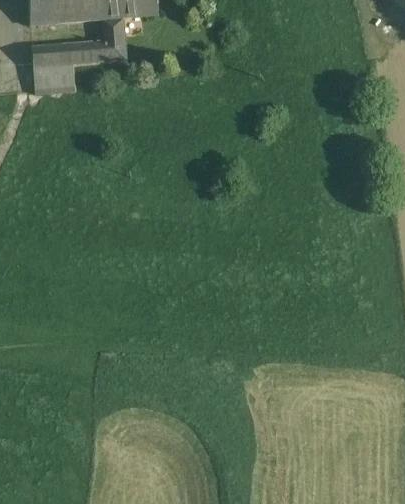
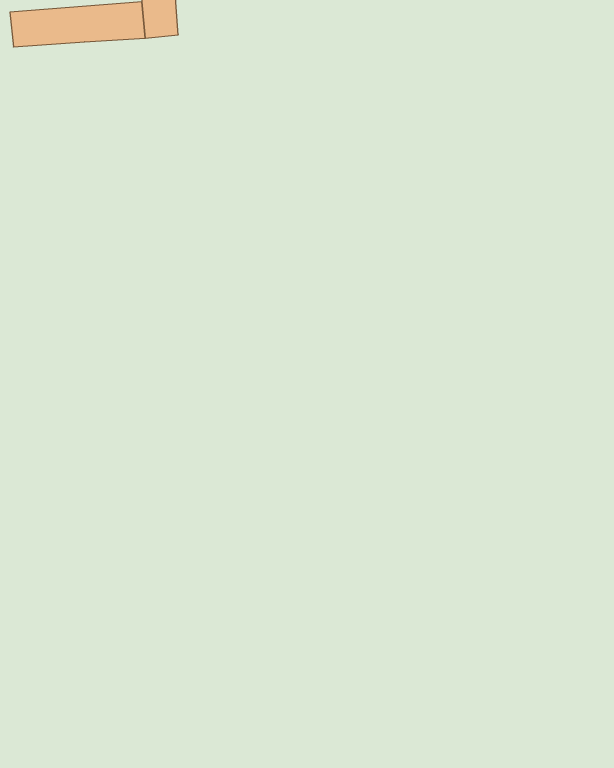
building: [32,64,75,93] -> none

